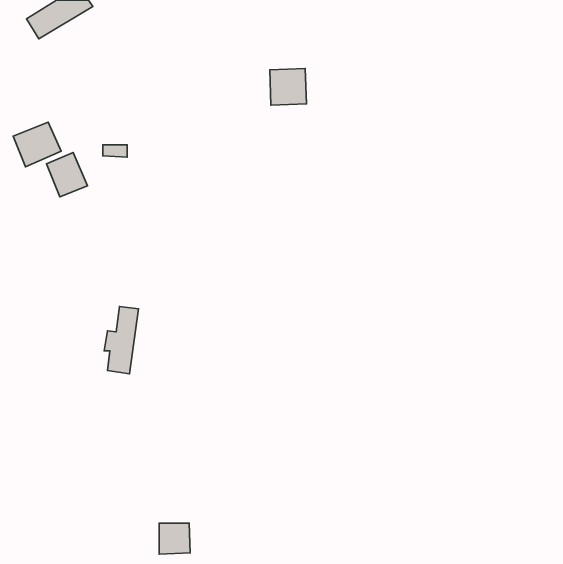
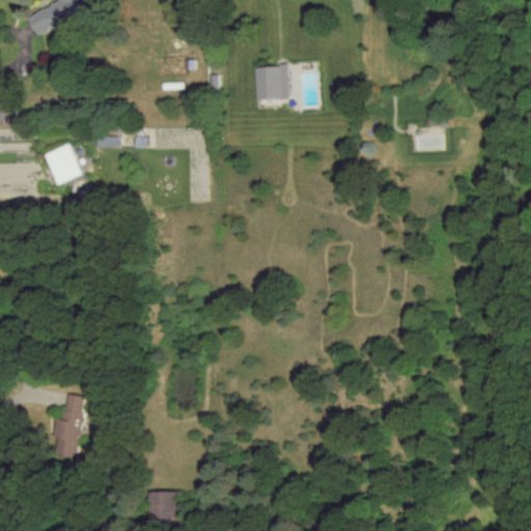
building: [13,122,61,167] -> none
building: [104,306,138,374] -> [53,395,85,458]

